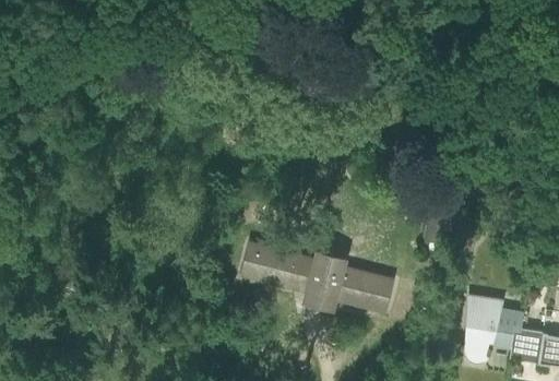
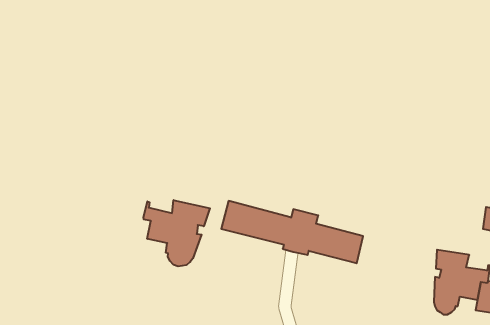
building: none -> [144,200,210,266]

